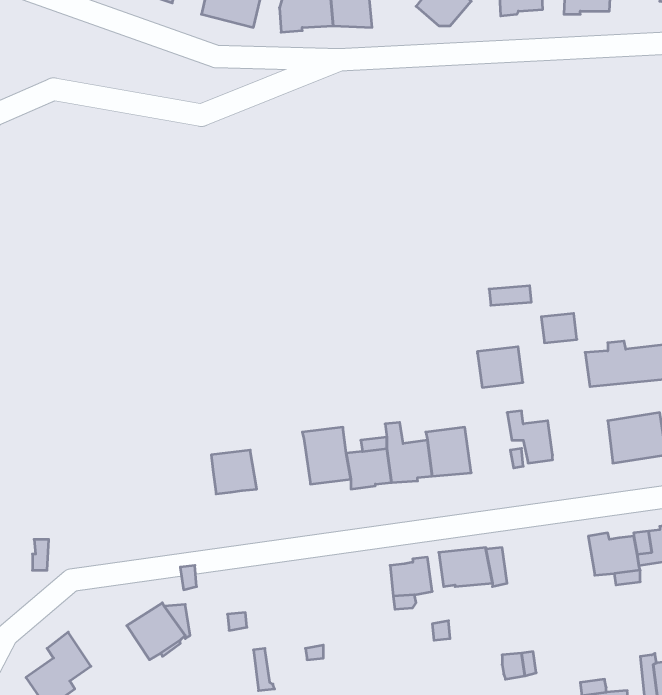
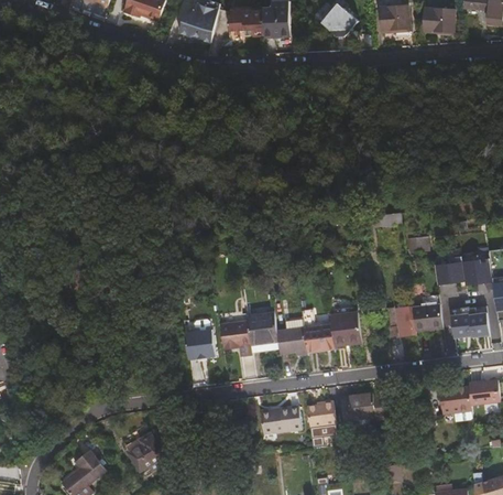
building: [477,347,523,387] -> [412,303,442,331]
building: none -> [219,320,251,355]
building: none -> [258,402,299,434]

